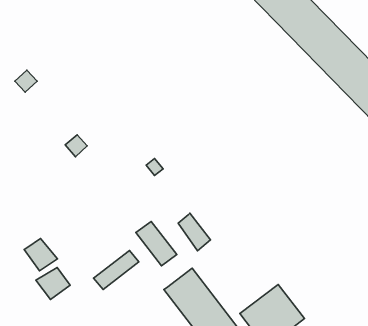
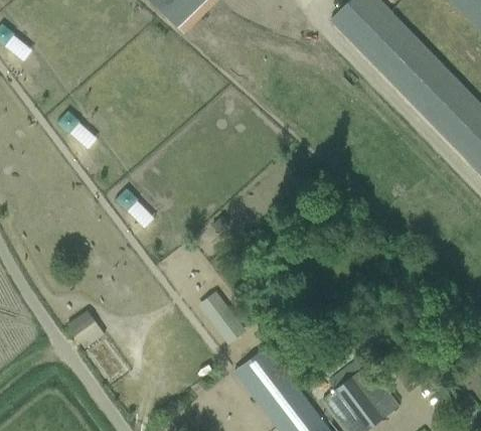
building: [178,213,210,251] -> none
building: [94,251,139,289] -> none
building: [36,268,70,299] -> none

